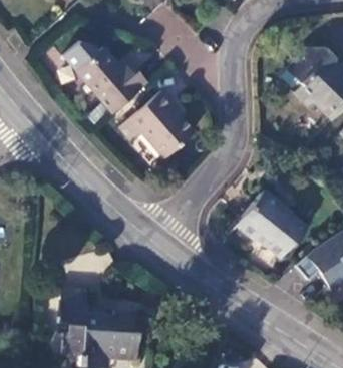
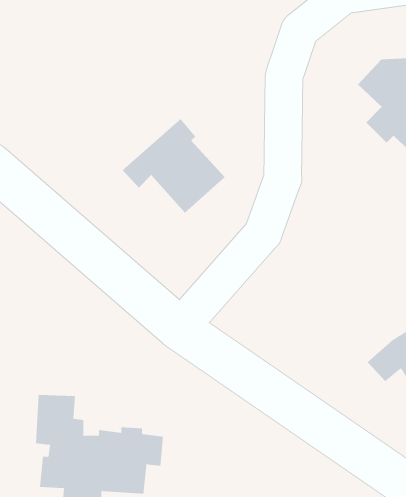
building: [62,41,147,114] -> none
building: [236,191,307,258] -> none

